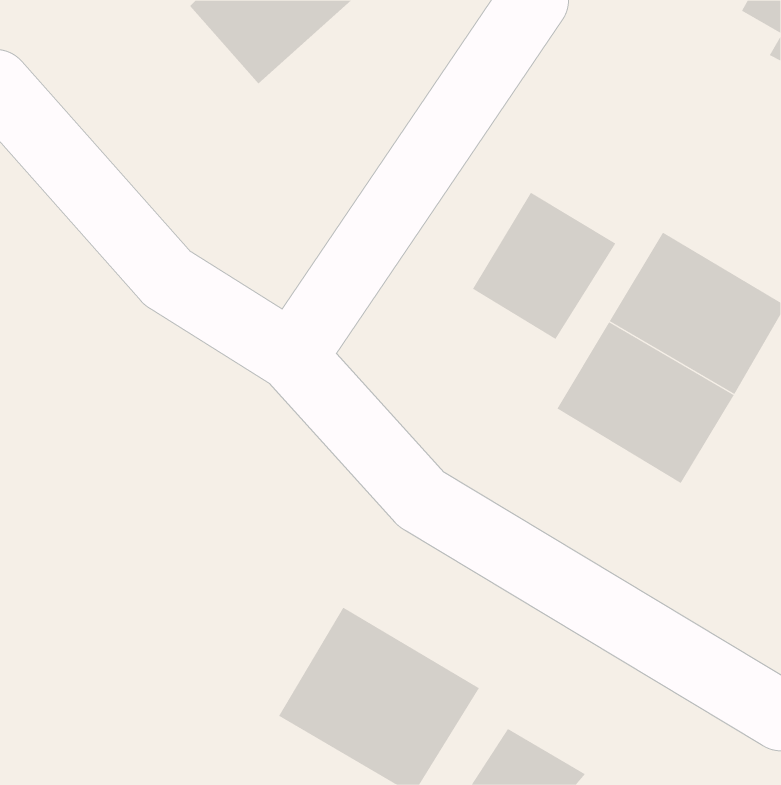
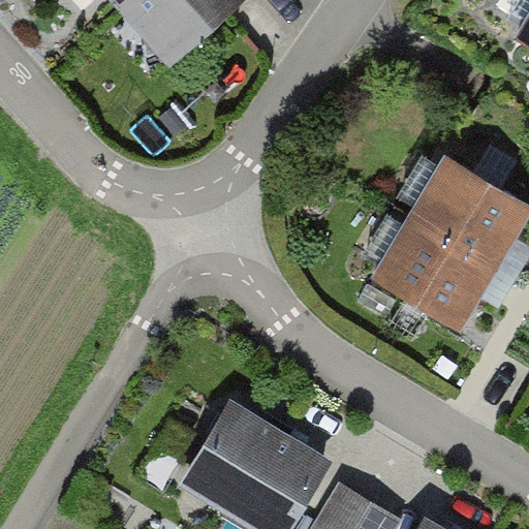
building: [472,192,616,340] -> none

